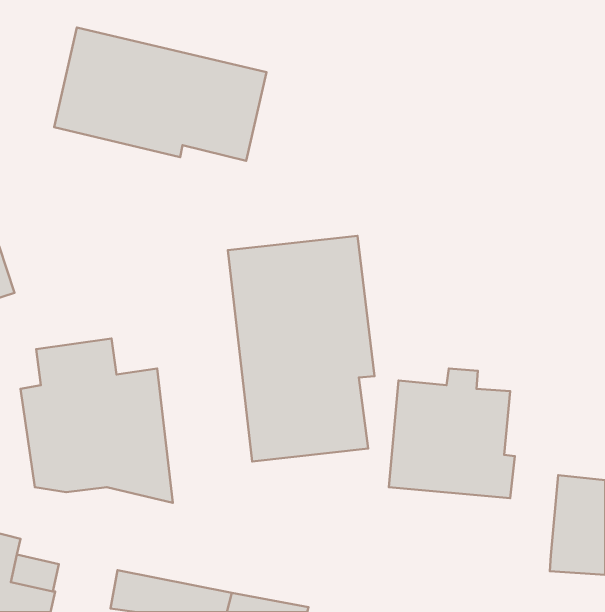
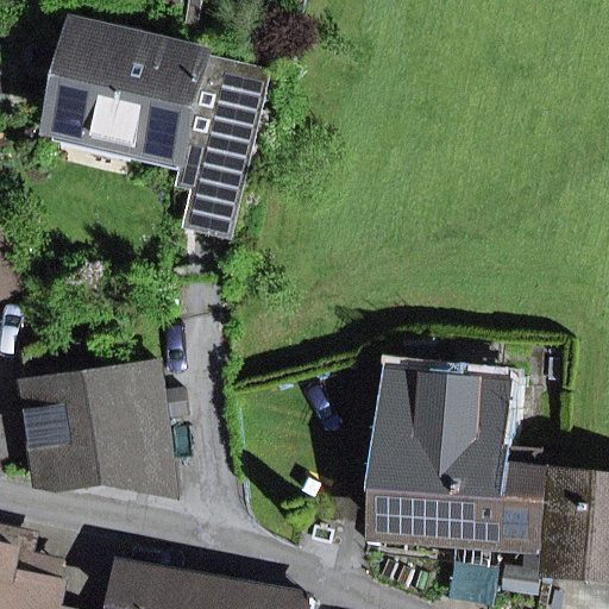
building: none -> [50,126,244,240]
building: [228,236,375,461] -> none
building: none -> [381,452,553,551]

